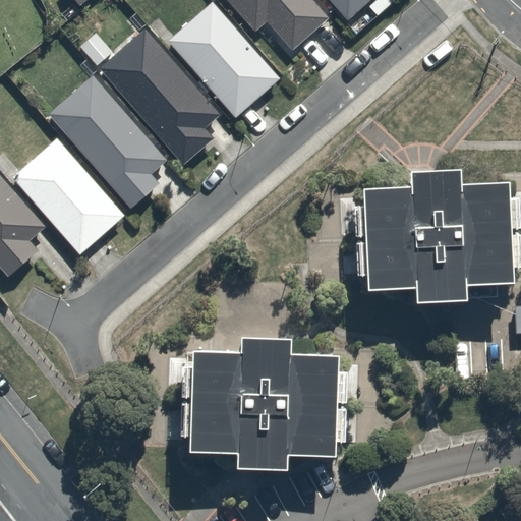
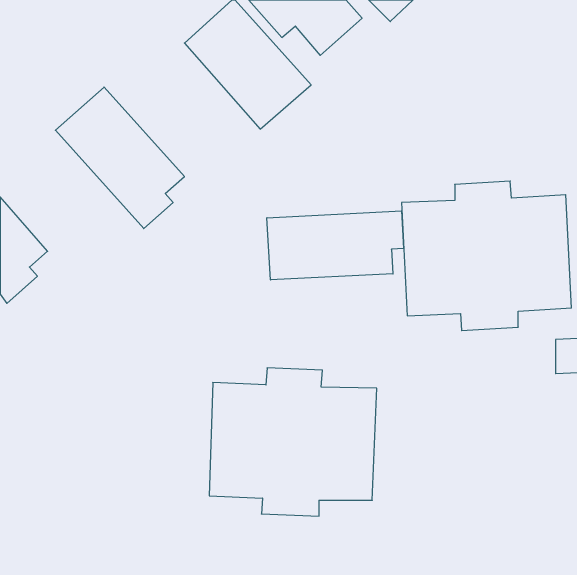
building: [106,35,221,162] -> none
building: [11,141,125,258] -> none
building: none -> [267,211,404,280]

